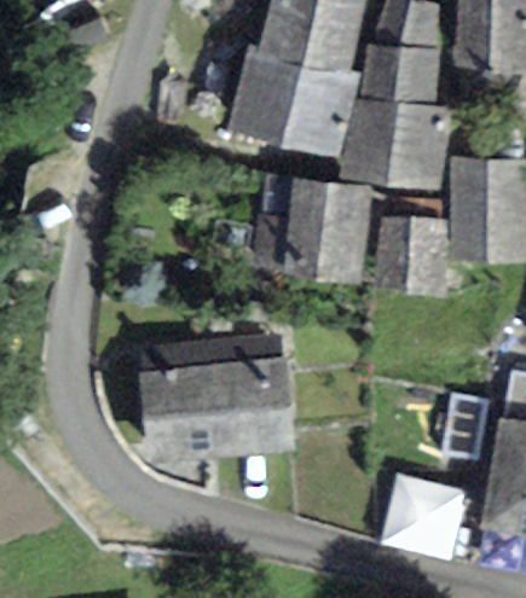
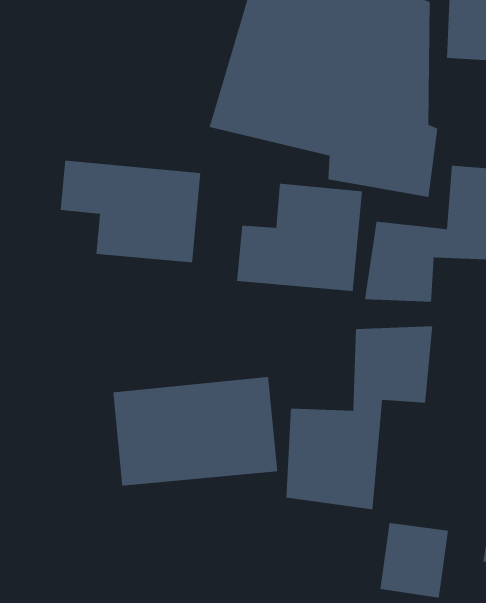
building: none -> [60,160,201,263]
building: none -> [286,325,433,510]

